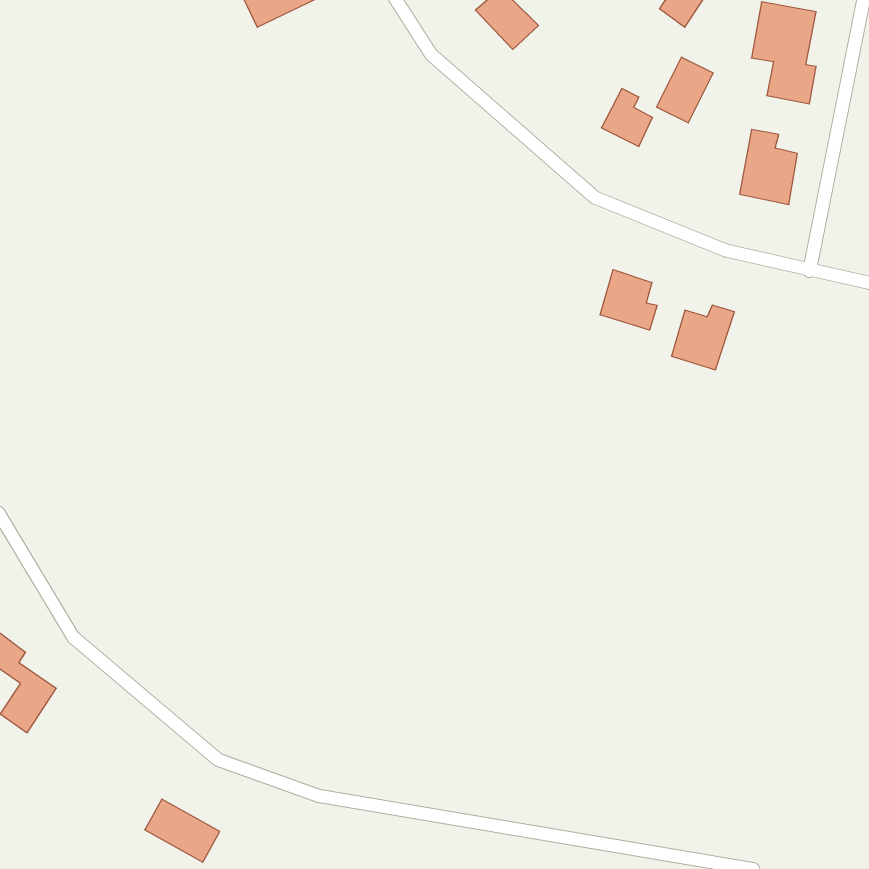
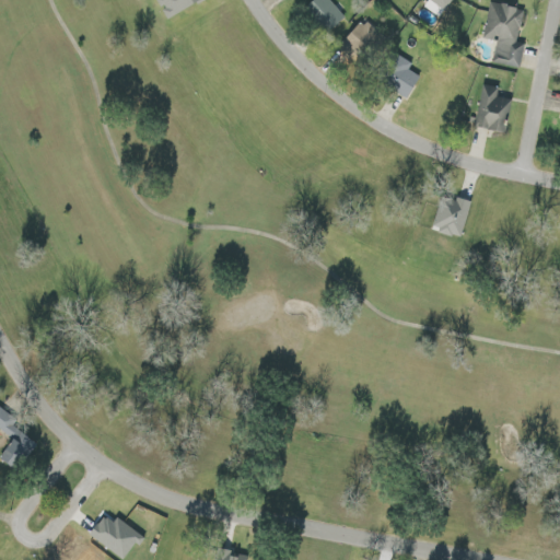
building: none -> [338,20,382,58]
building: [657,57,713,123] -> none
building: [600,270,657,330] -> none

